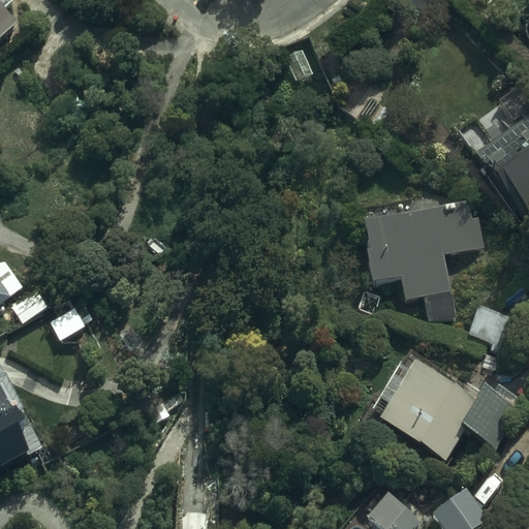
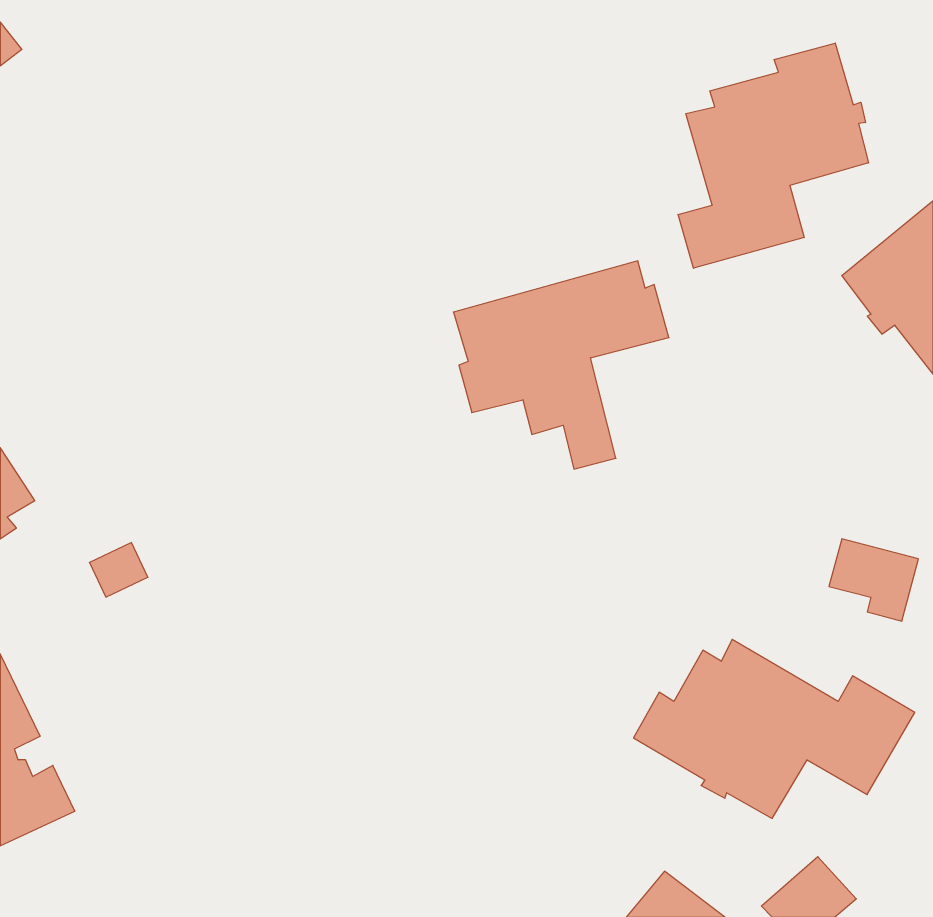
building: none -> [678,43,869,268]
building: [363,196,485,314] -> [453,261,669,469]

